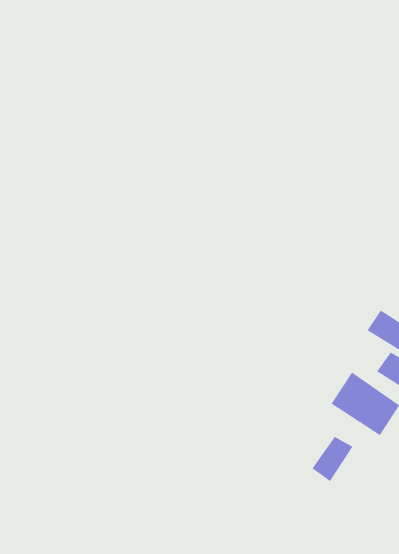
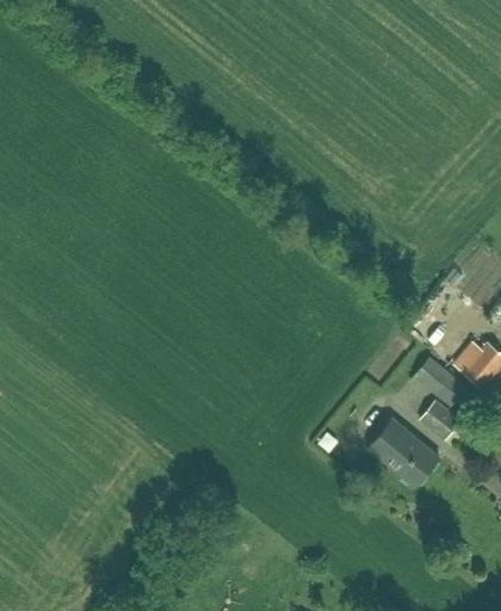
building: [312,436,354,482] -> none

